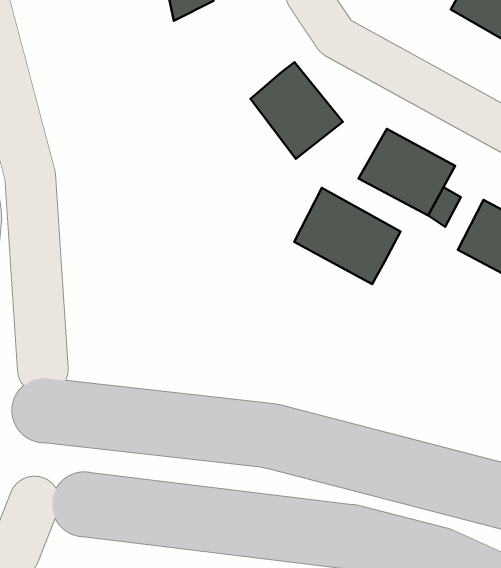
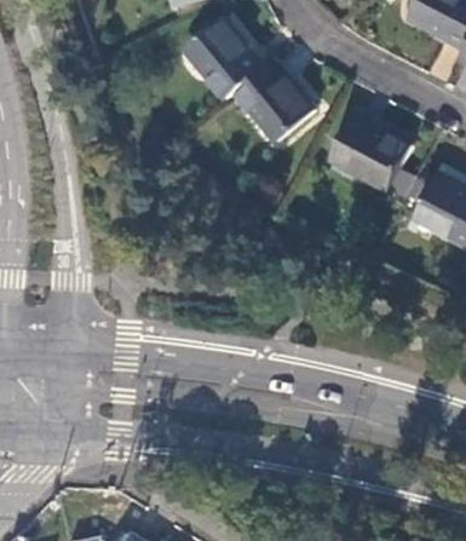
building: none -> [185,16,263,97]
building: [294,188,401,284] -> none

